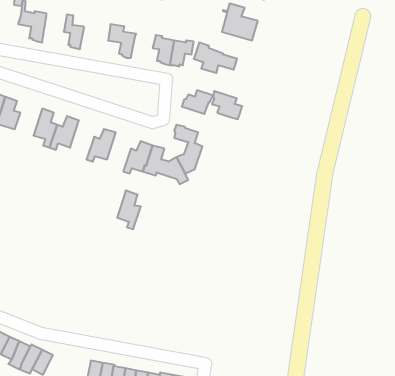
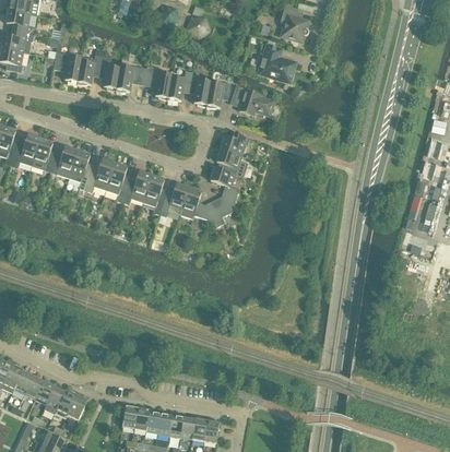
building: none -> [78,53,103,83]
building: none -> [116,64,146,91]
building: none -> [167,69,192,99]
building: [212,91,242,119] -> [216,147,247,176]
building: none -> [50,145,78,177]
building: none -> [106,162,130,201]
building: [117,190,141,229] -> [143,174,167,213]

